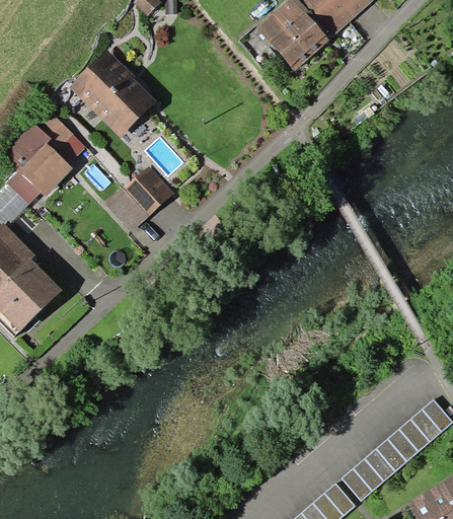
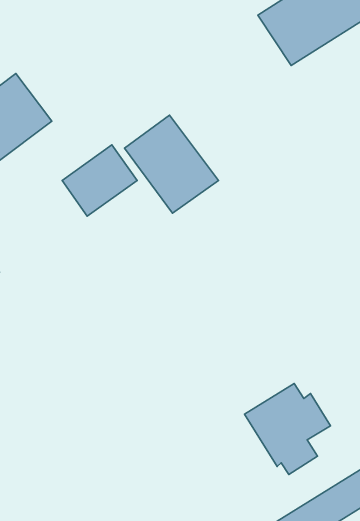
building: [71,50,159,137] -> [125,115,218,213]
building: none -> [244,383,330,475]

